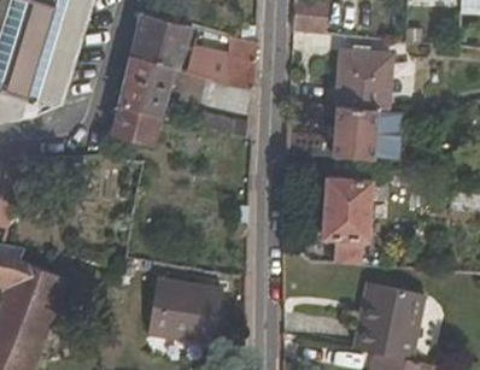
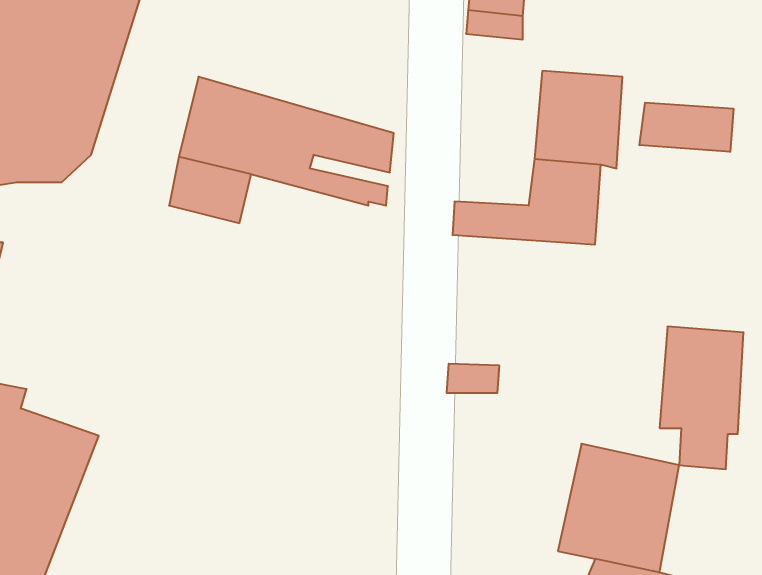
building: [129,13,256,92] -> none
building: none -> [639,103,733,152]
building: [321,176,373,264] -> [660,327,744,469]
building: [148,278,222,345] -> none

